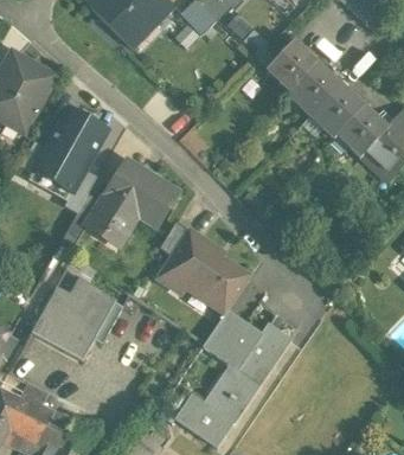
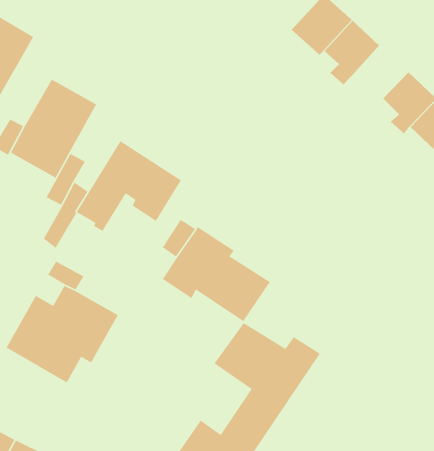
building: [316,83,364,137] -> none

